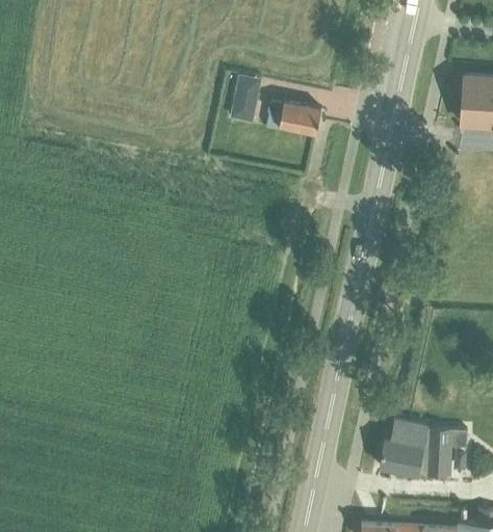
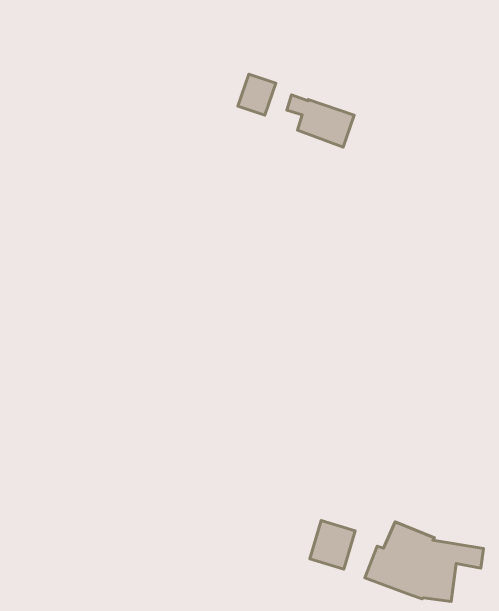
building: none -> [310,520,355,569]

